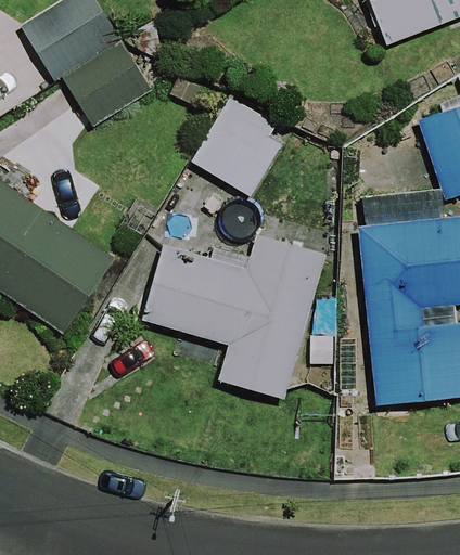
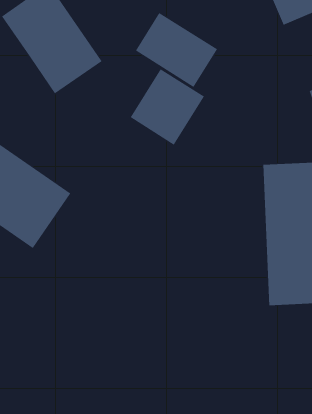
building: none -> [135,12,218,88]
building: [149,232,323,398] -> none

